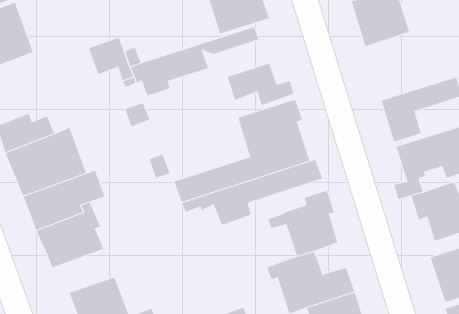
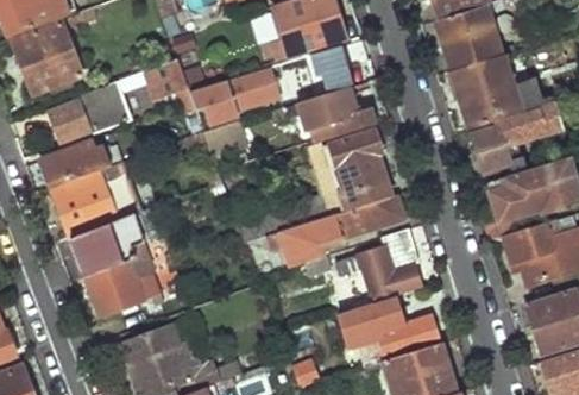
building: none -> [451,51,518,127]
building: none -> [51,82,130,138]

